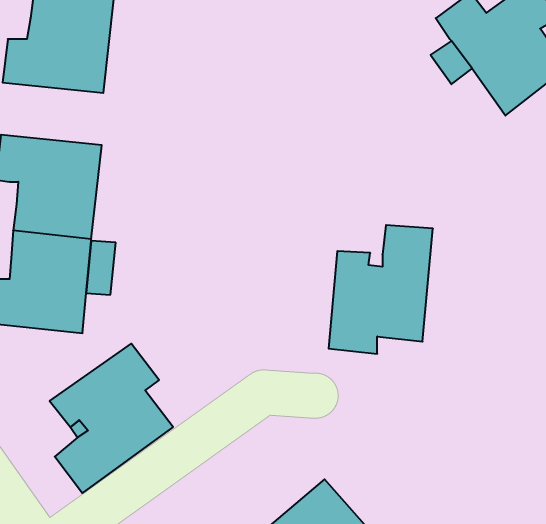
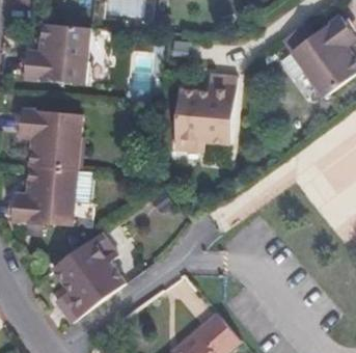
building: [329,225,433,354] -> [174,74,237,151]

